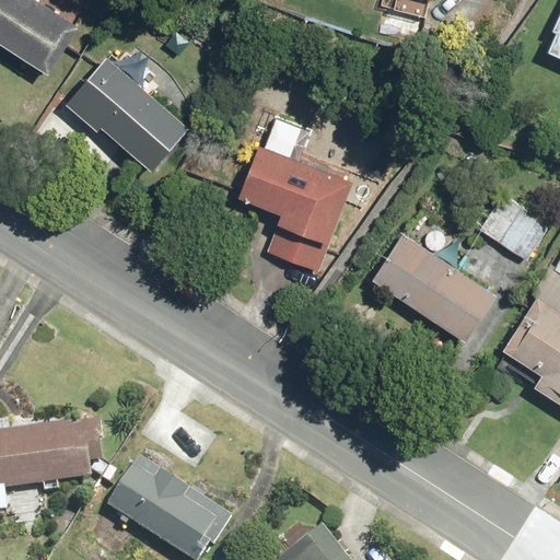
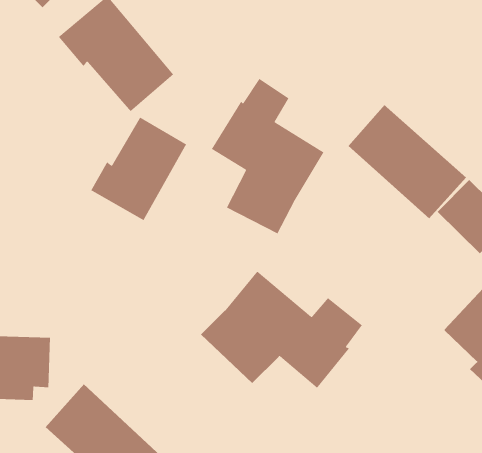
building: none -> [90,117,187,221]
building: [371,230,498,341] -> [347,104,467,219]
building: none -> [200,270,363,389]

